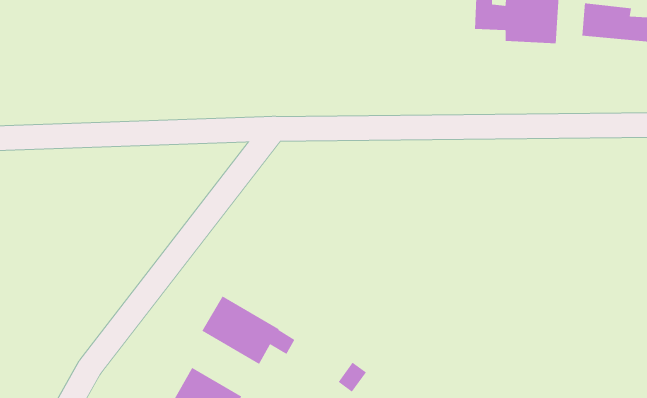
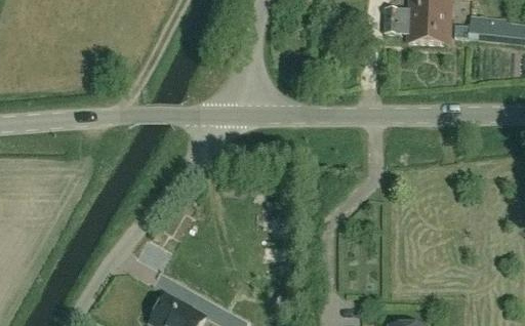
building: [202,296,295,365] -> none

